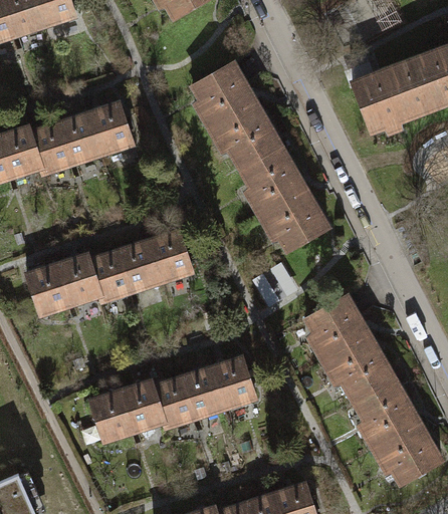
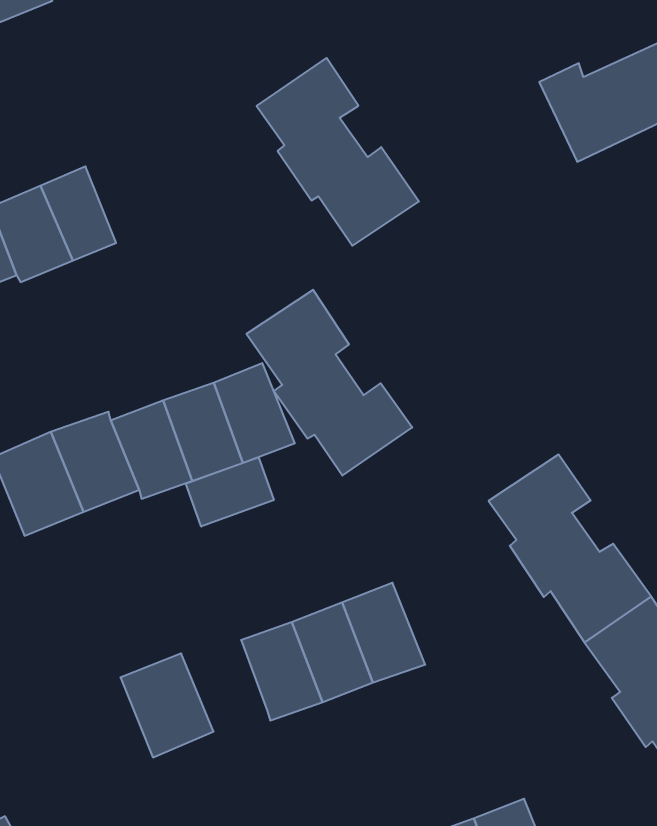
building: [89,100,137,156] -> none
building: [236,145,325,250] -> [246,290,412,476]
building: none -> [186,457,274,527]
building: [124,378,170,434] -> none

